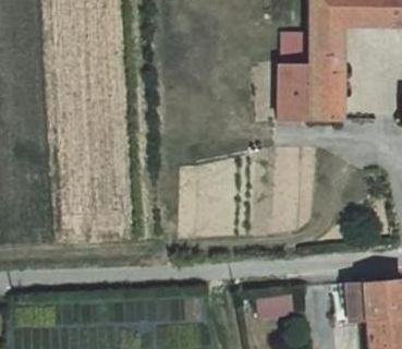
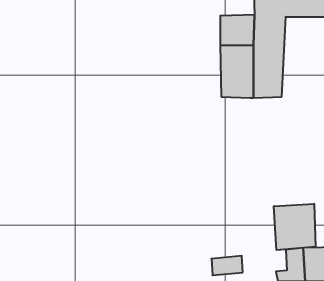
building: none -> [274,204,315,250]

